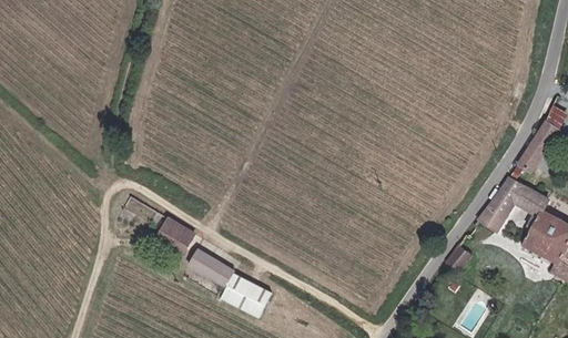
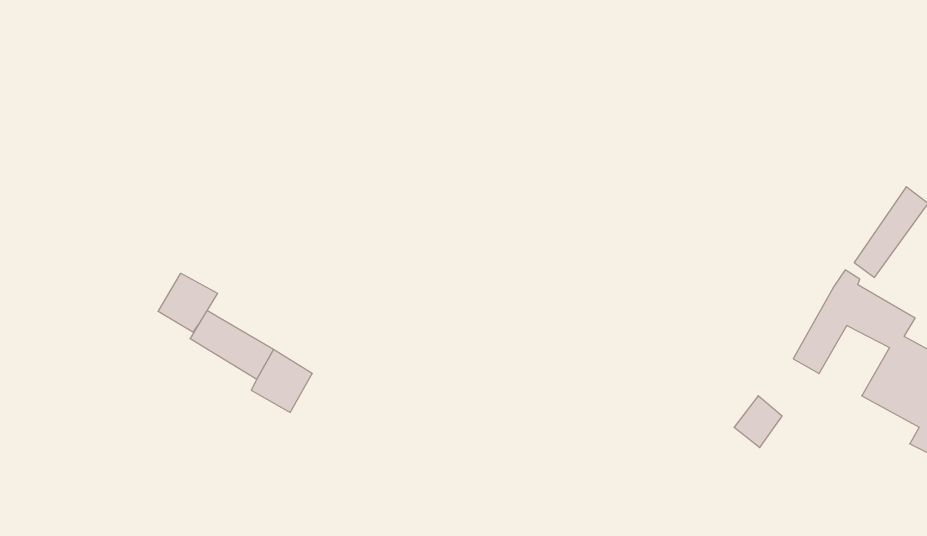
building: none -> [158,273,217,332]
building: [191,252,274,318] -> none

